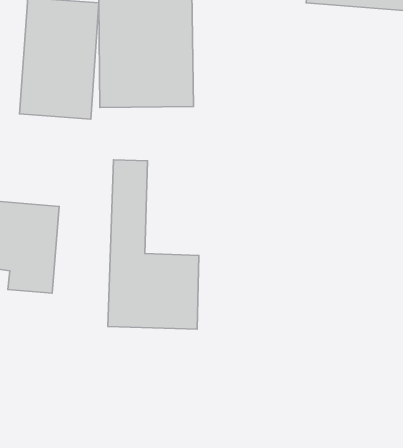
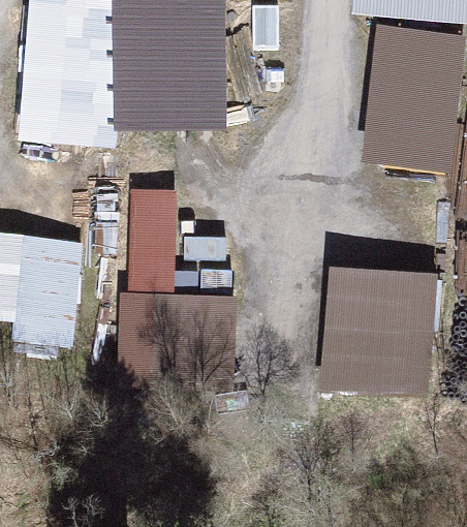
building: none -> [367,26,461,167]
building: none -> [326,268,434,391]

